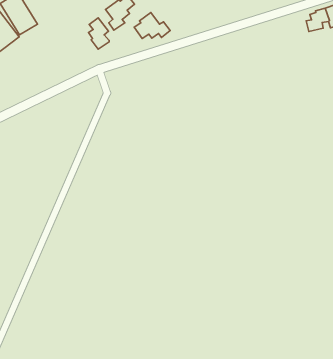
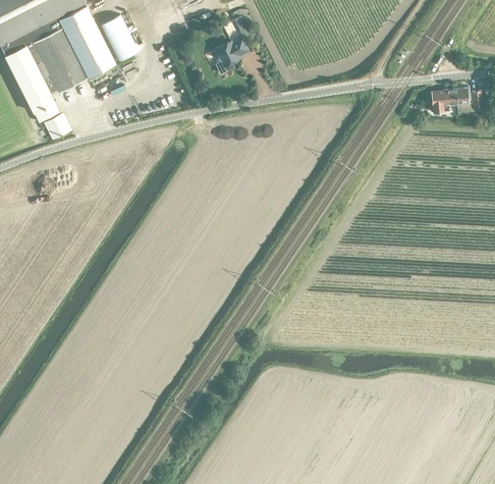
building: [134,12,170,39] -> none
building: [88,18,109,49] -> none

